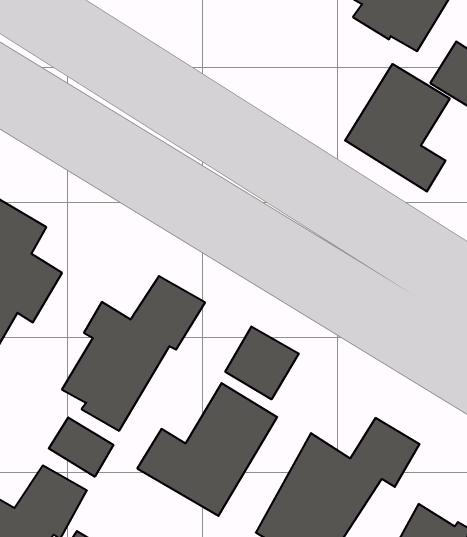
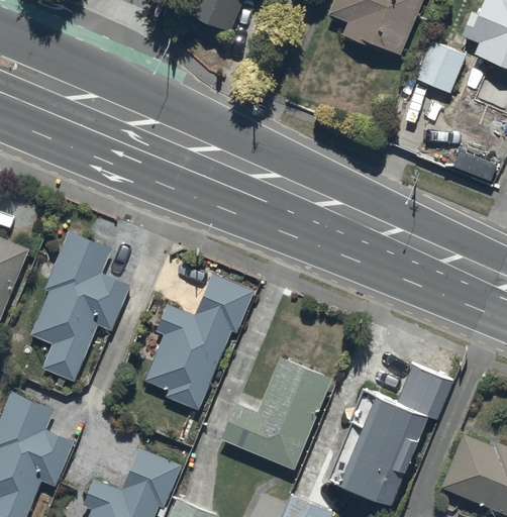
building: [345,64,450,192] -> none
building: [225,326,299,399] -> none
building: [49,417,113,477] -> none

